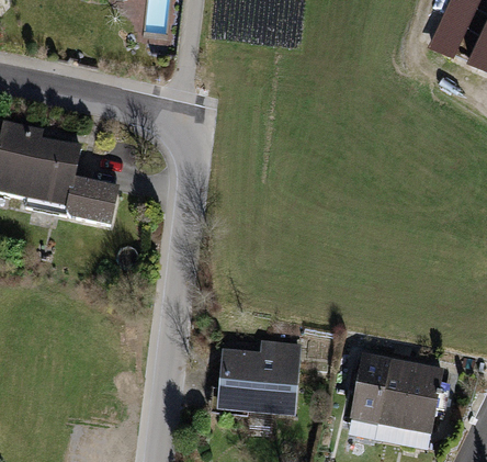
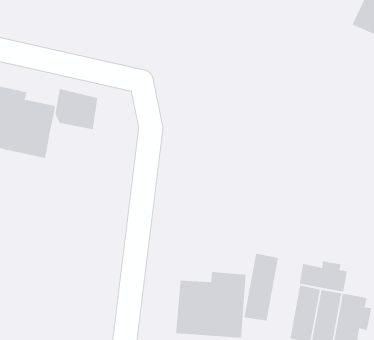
building: [65,176,116,225] -> [55,88,98,130]
building: none -> [243,253,279,321]
building: none -> [299,260,348,293]

